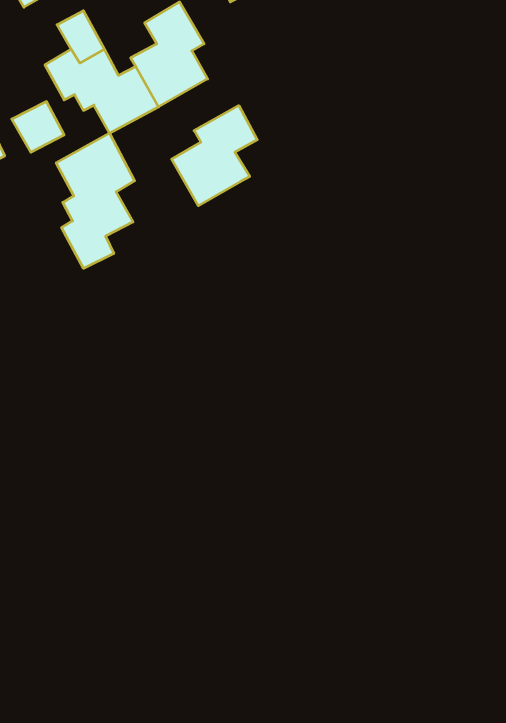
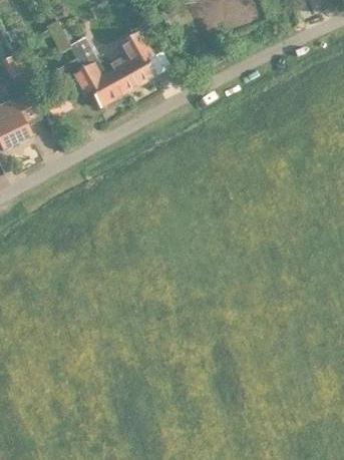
building: [172,106,257,206] -> none
building: [56,133,135,268] -> none

